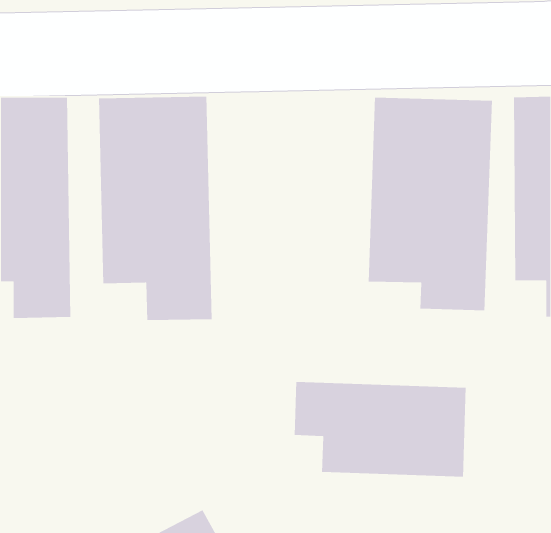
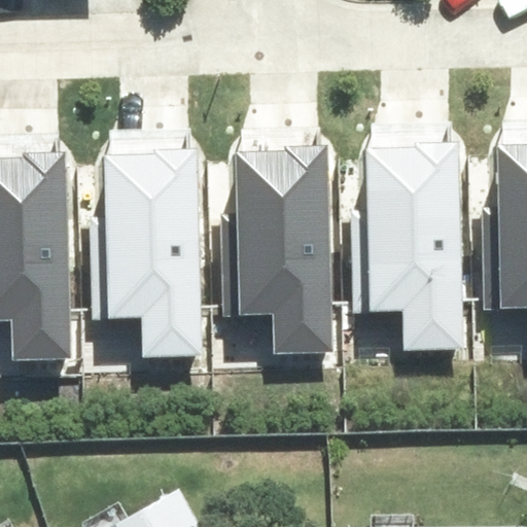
building: none -> [226,115,329,320]
building: [294,381,467,477] -> none

